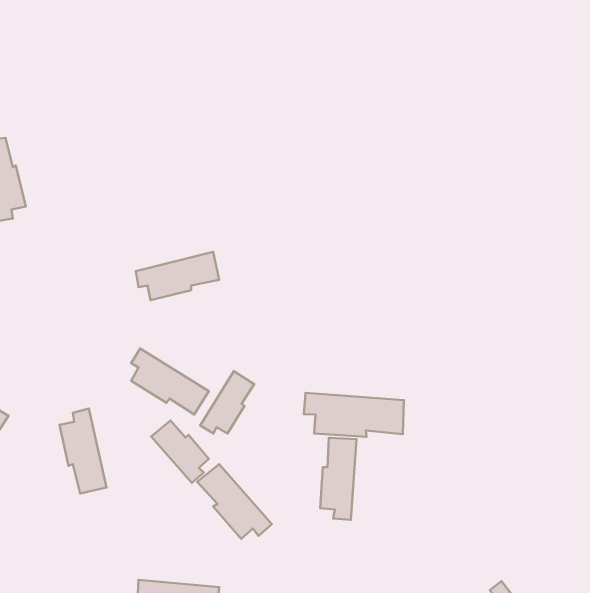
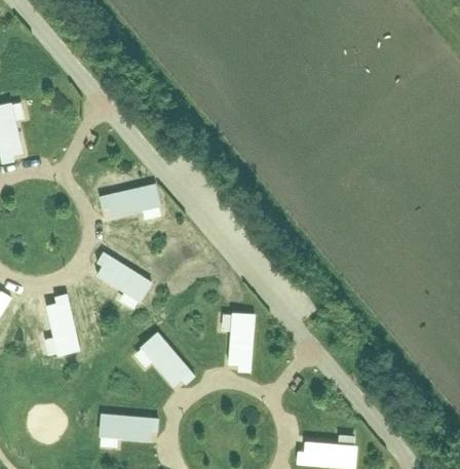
building: [200,371,254,433] -> none
building: [304,393,404,437] -> none
building: [151,421,209,483] -> none

